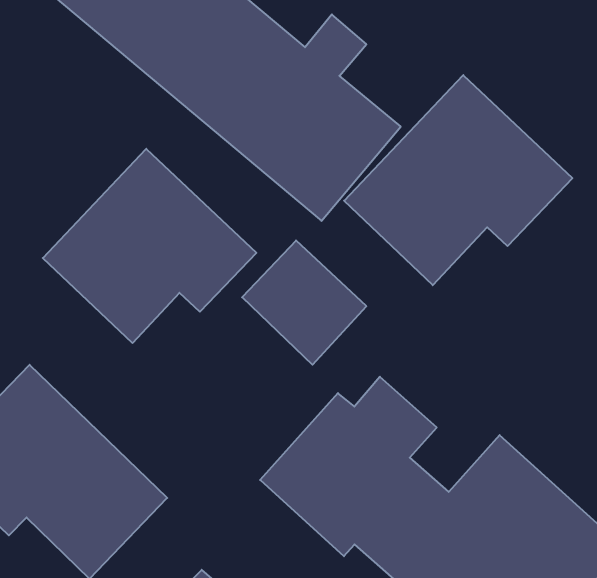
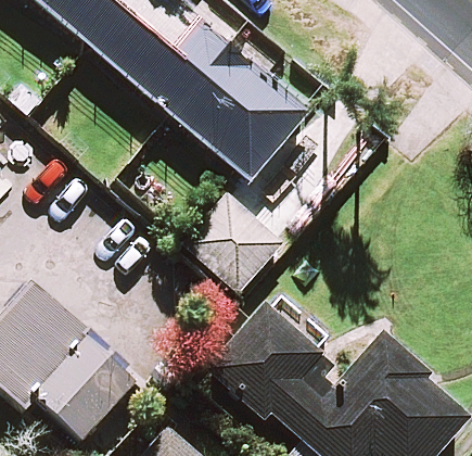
building: [344,75,572,285] -> none
building: [43,149,256,343] -> none

